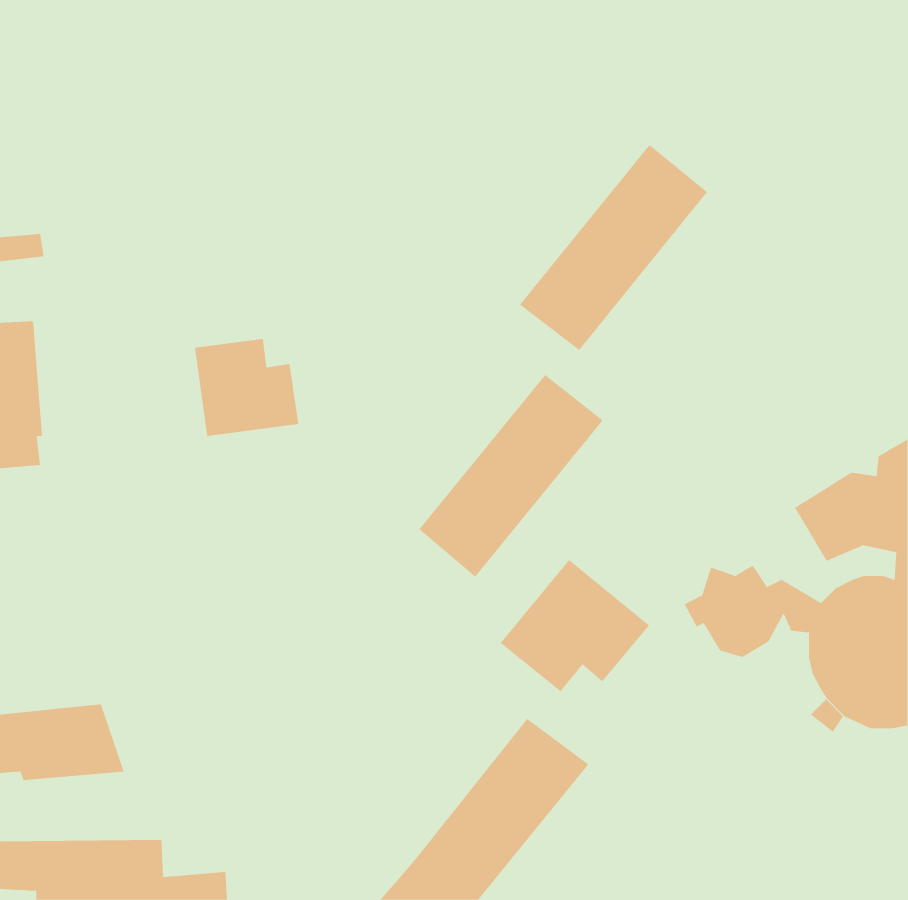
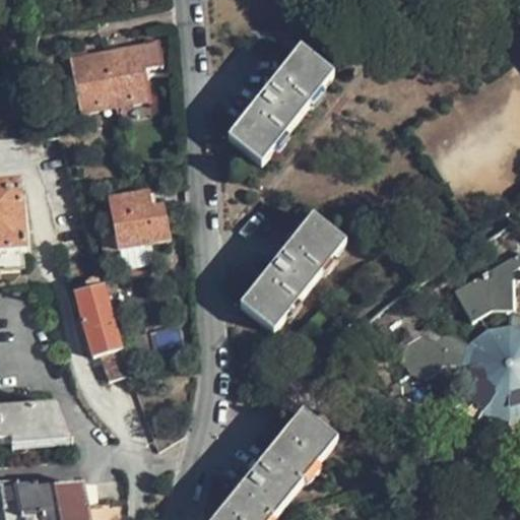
building: none -> [68,40,161,112]
building: [519,144,708,351] -> [225,46,333,164]
building: none -> [75,279,132,402]
building: [500,559,650,692] -> none

